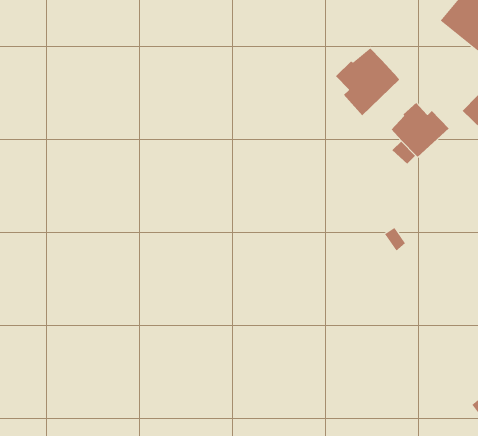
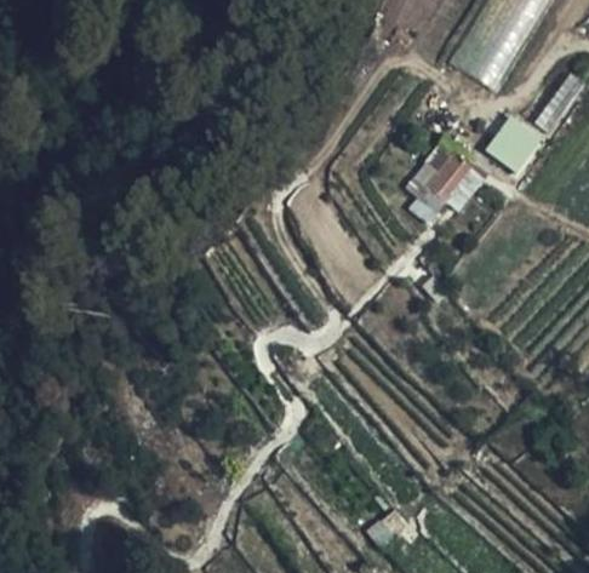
building: [335,47,400,116] -> none

